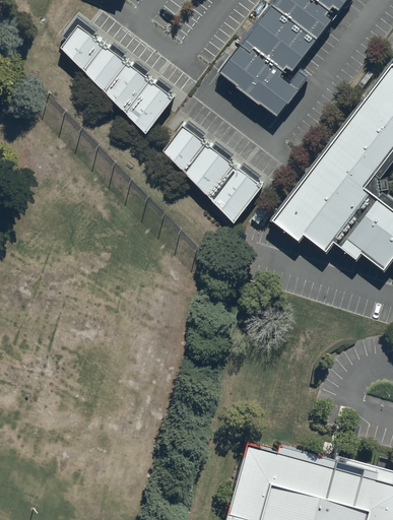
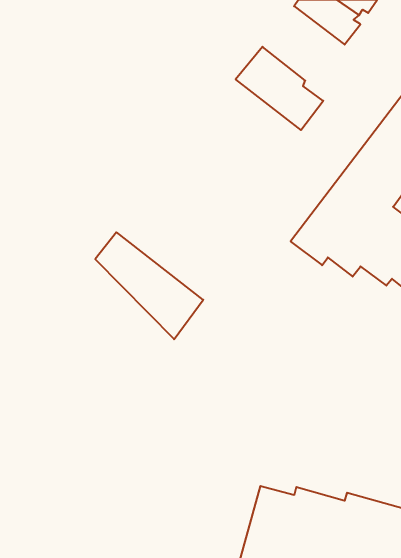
building: [246,9,320,76] -> none
building: [61,24,173,132] -> none
building: [163,126,261,222] -> [95,232,203,339]

